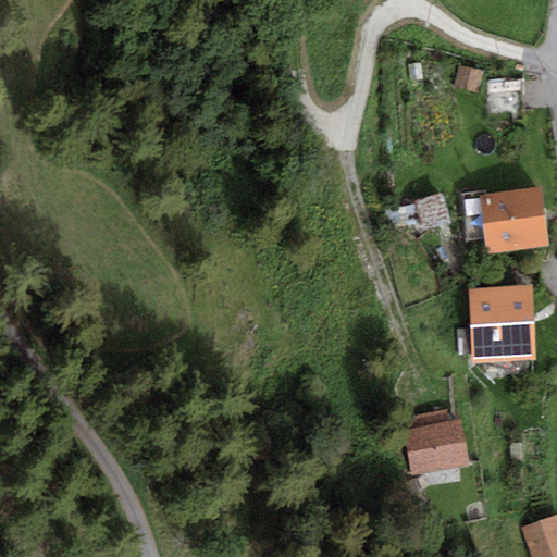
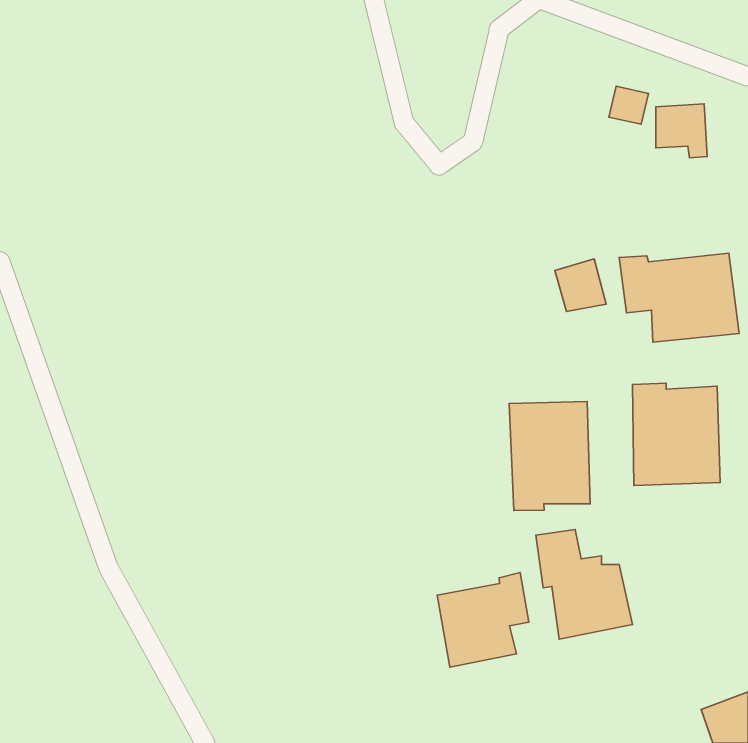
building: none -> [509,401,590,511]
building: none -> [437,573,529,667]

